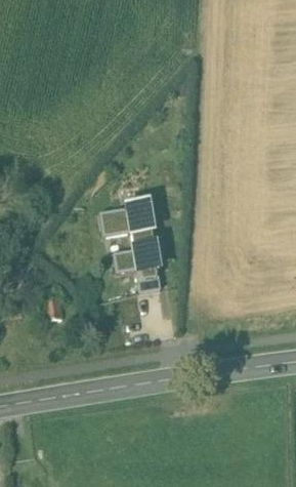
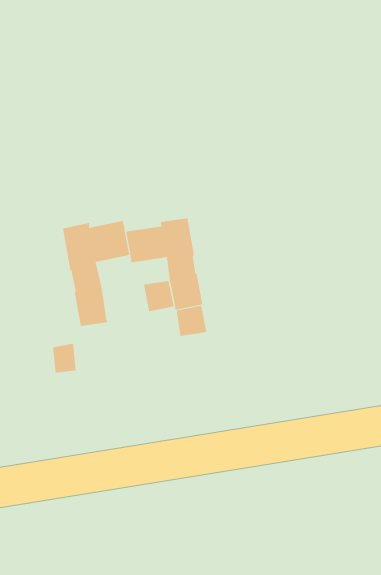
building: none -> [62,220,130,327]

